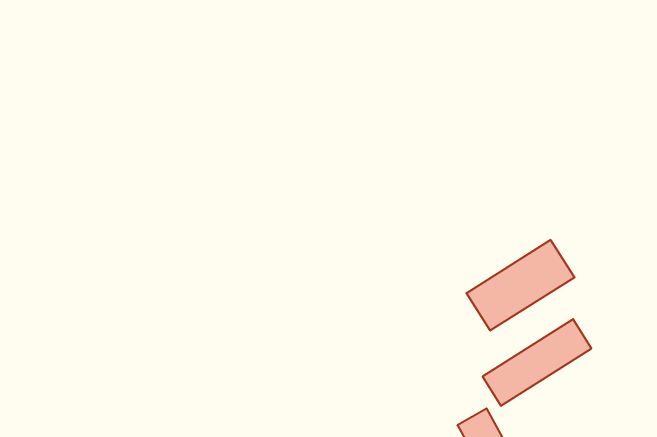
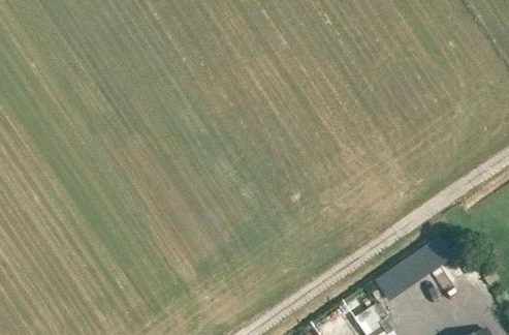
building: [466,240,575,331] -> none

